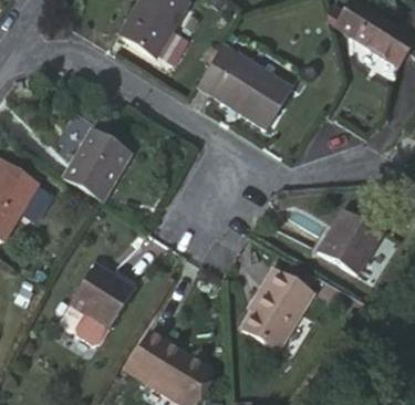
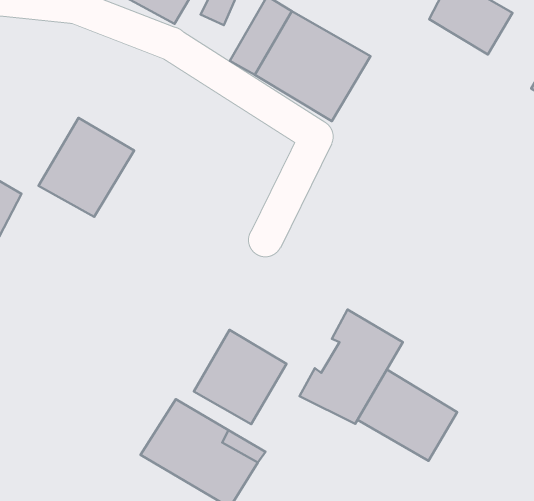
building: [323,208,386,273] -> none
building: [70,261,136,329] -> [194,330,287,424]
building: none -> [358,370,457,461]

